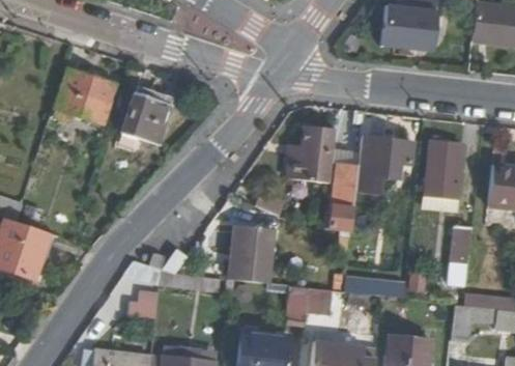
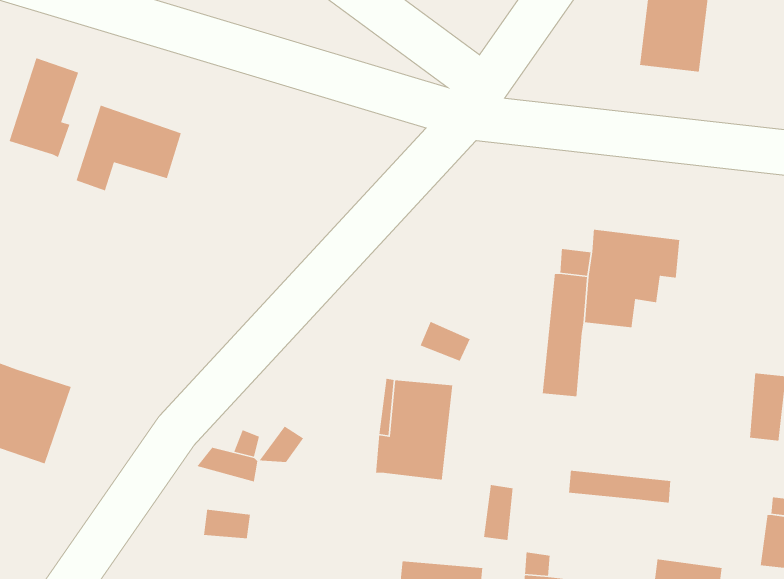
building: none -> [8,57,79,158]
building: [123,83,175,144] -> none
building: [284,129,332,188] -> none
building: [422,140,456,196] -> none

